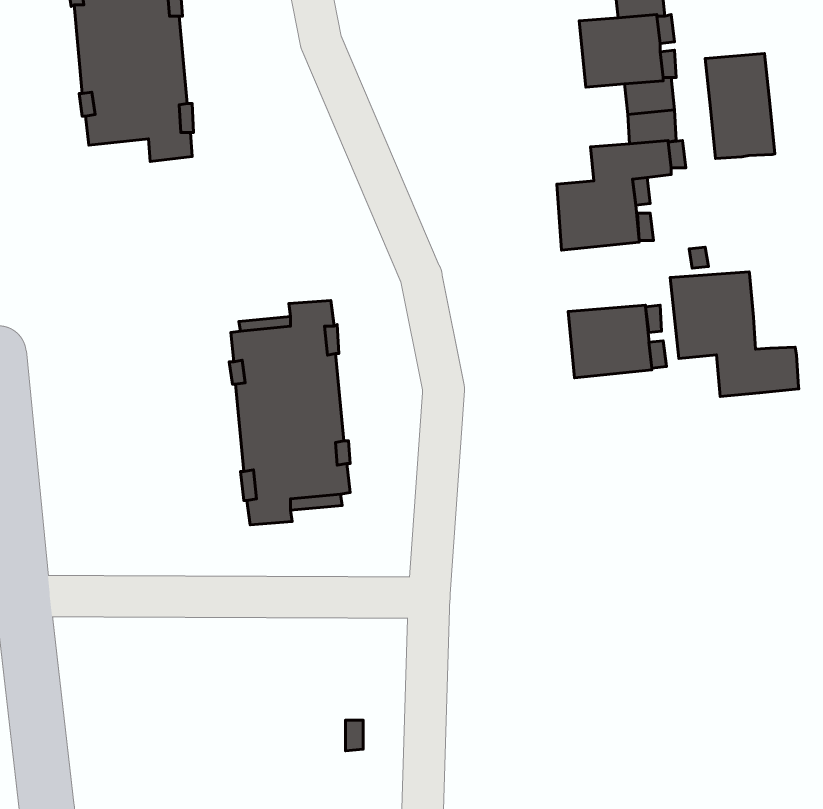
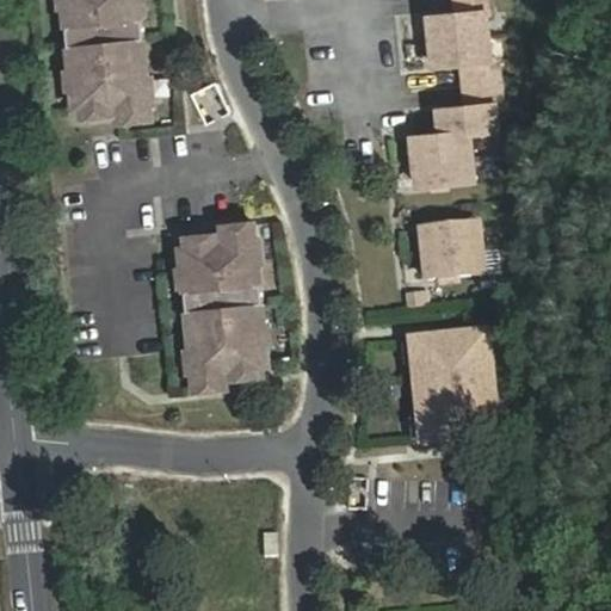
building: [705,53,775,159] -> none
building: [670,272,799,397] -> none
building: none -> [413,316,505,436]

